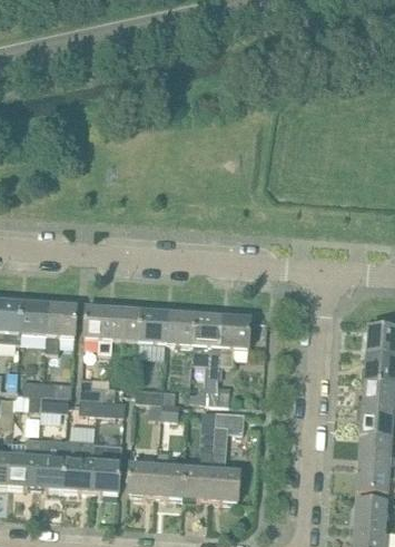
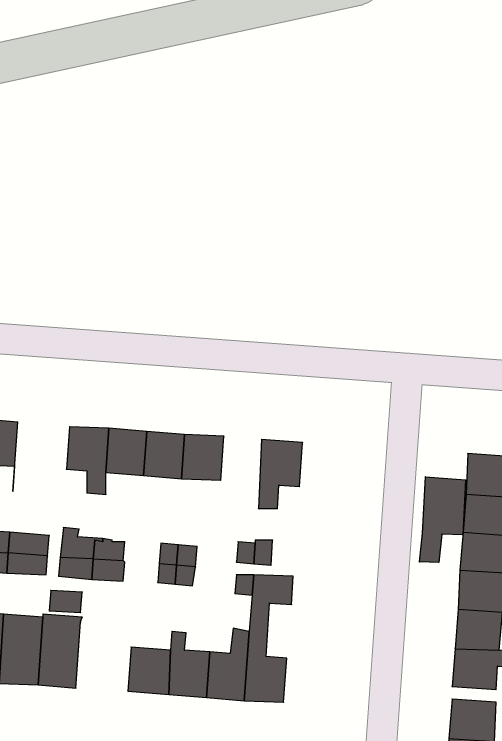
building: [46,303,77,353] -> none
building: [192,313,221,364] -> none
building: none -> [419,477,466,562]
building: [90,445,120,494] -> none

